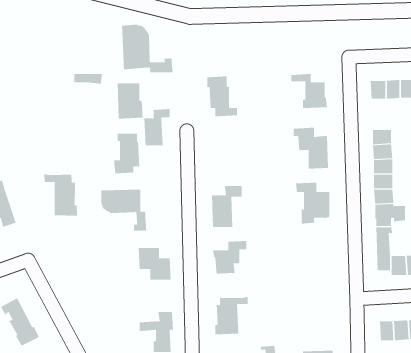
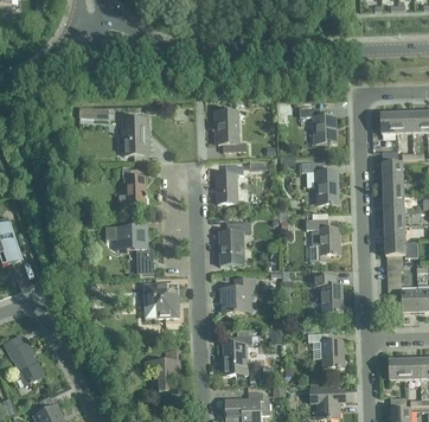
building: [121,24,173,73] -> none
building: [144,109,170,146] -> [216,164,243,202]
building: [44,173,78,217] -> none
building: none -> [312,274,341,311]
building: none -> [307,332,344,366]

